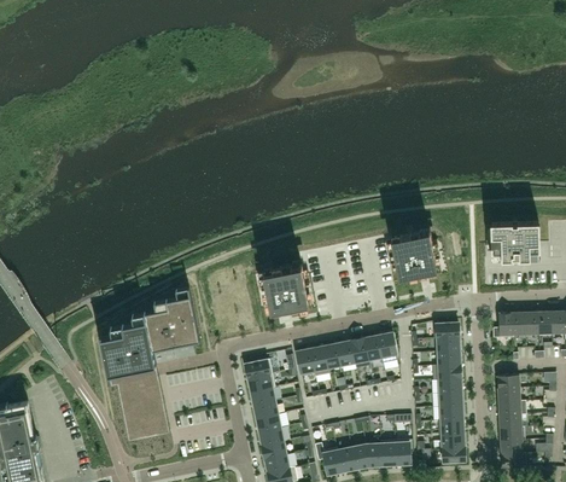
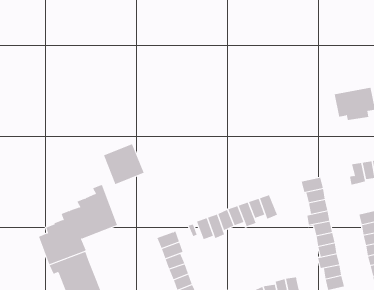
building: [391,230,438,277] -> none
building: [263,265,310,312] -> [103,143,144,185]

